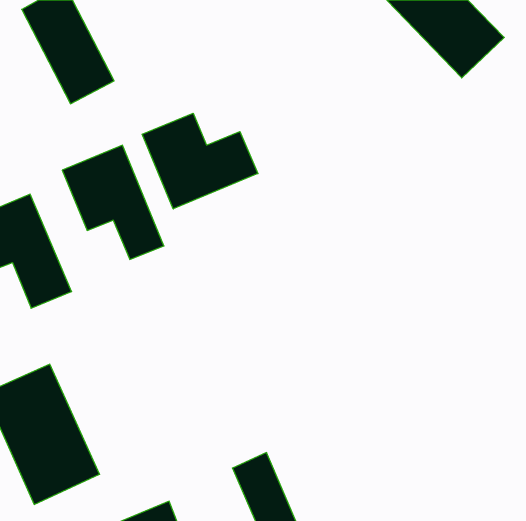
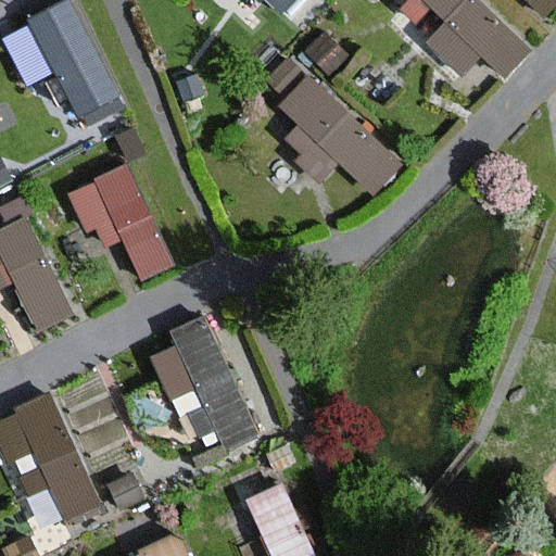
building: none -> [266,72,400,198]
building: [142,113,258,209] -> none
building: none -> [144,317,261,456]

